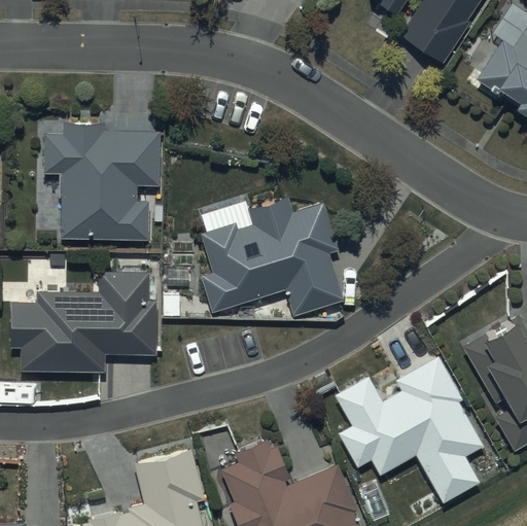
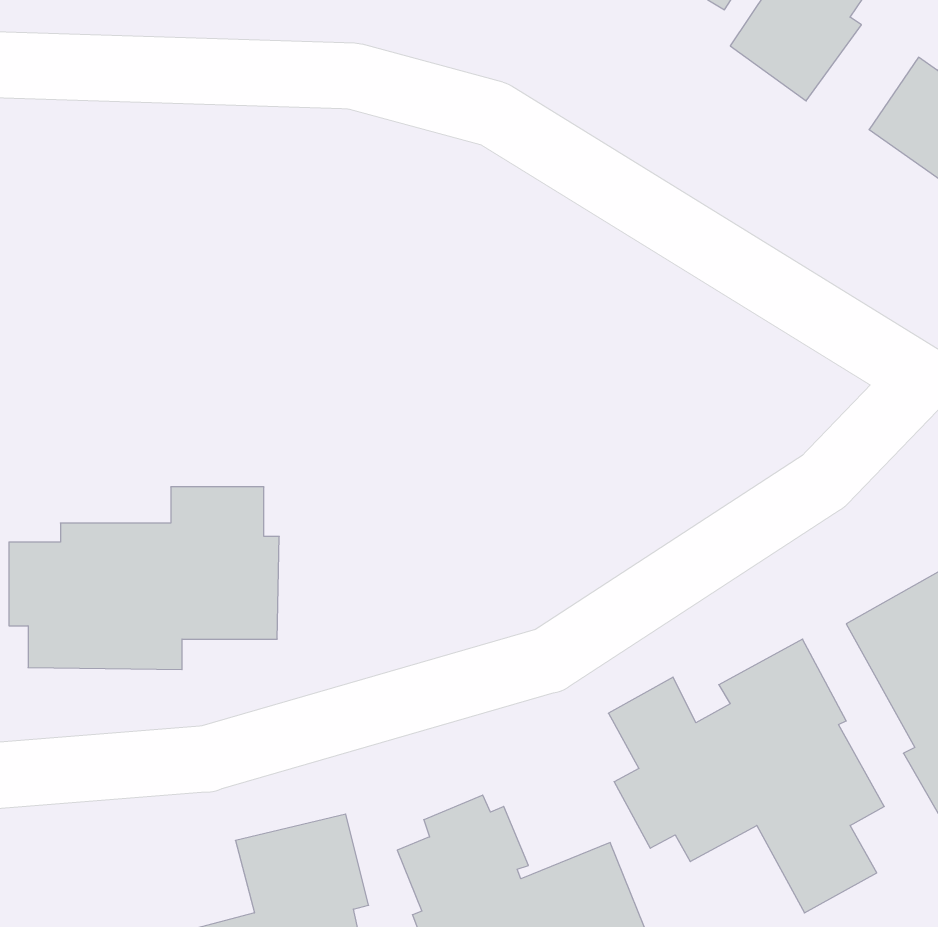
building: [44,121,161,240] -> none
building: [201,197,344,315] -> none

